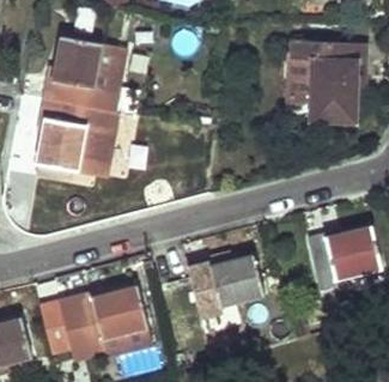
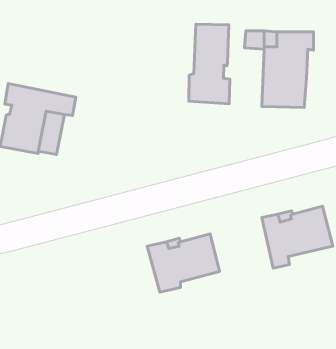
building: [43,35,126,111] -> none
building: none -> [189,24,230,104]
building: [59,284,148,359] -> none

